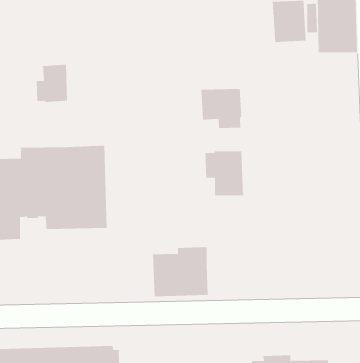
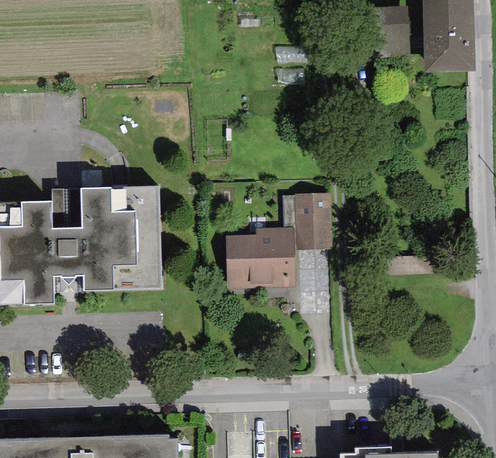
building: [36,64,67,103] -> none
building: [201,88,242,129] -> none
building: [152,247,208,297] -> [225,227,295,289]

